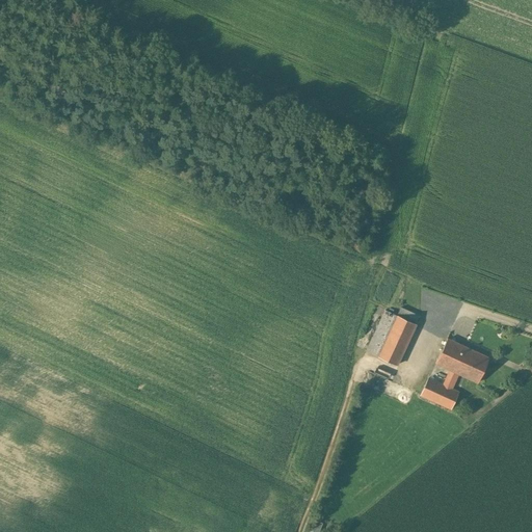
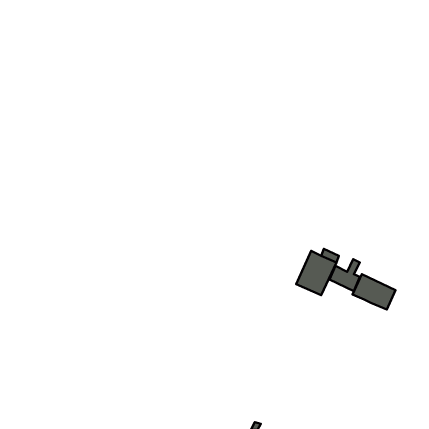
building: [422,371,459,410] -> [330,259,360,291]

